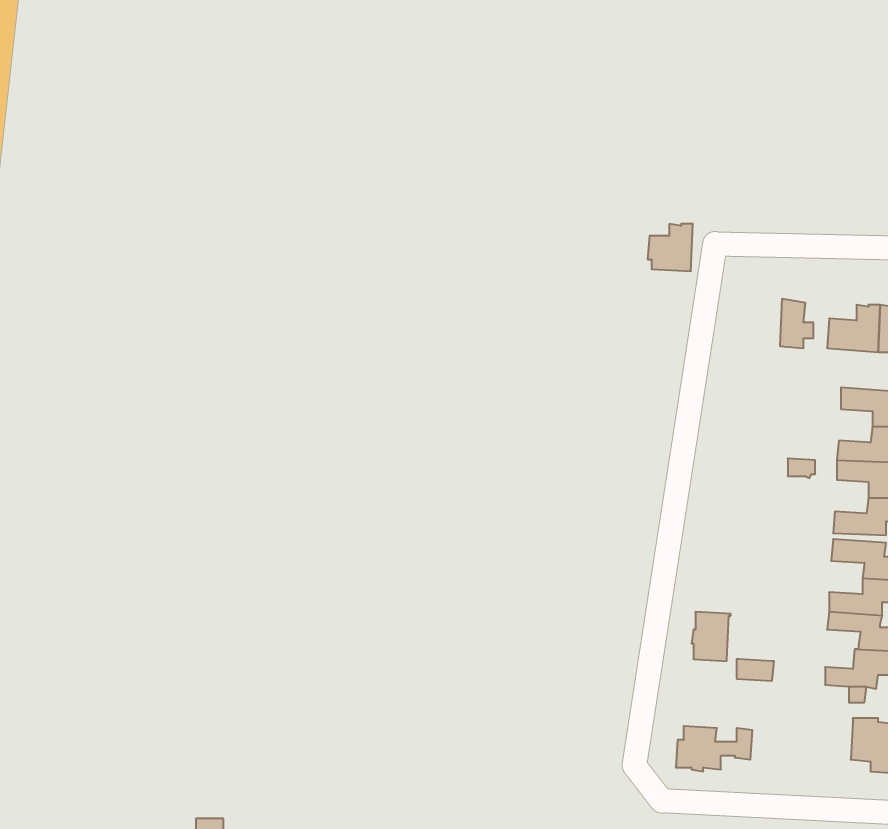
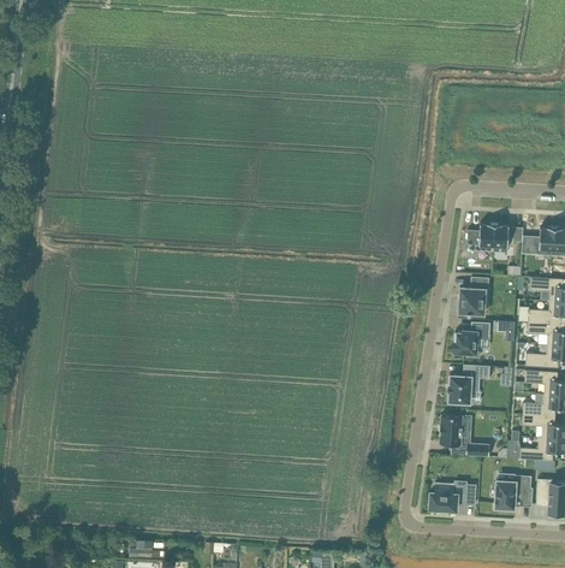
building: [648,224,693,271] -> [466,223,494,252]
building: none -> [457,277,488,313]
building: none -> [453,321,489,357]
building: none -> [448,365,489,403]
building: none -> [494,478,533,513]

